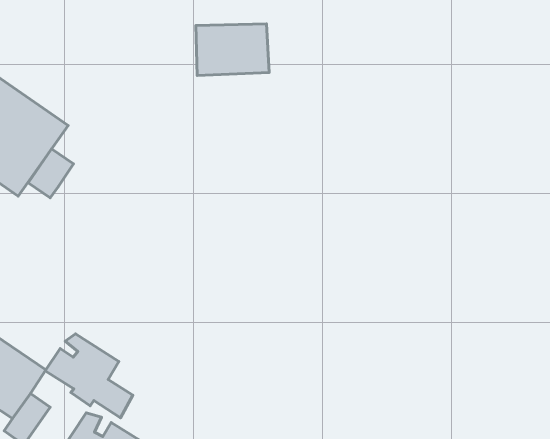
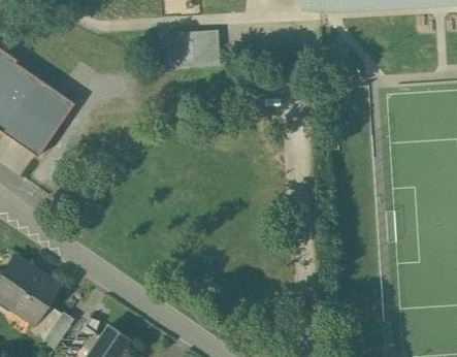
building: [28,149,73,198] -> none
building: [45,334,133,418] -> none

